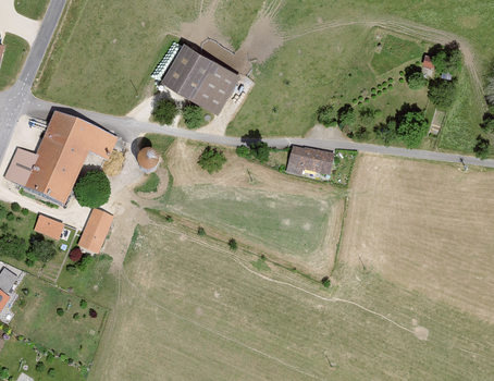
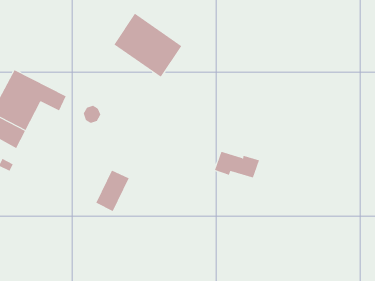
building: [286,147,336,174] -> [214,151,260,178]
building: [77,208,113,255] -> [95,170,129,212]

